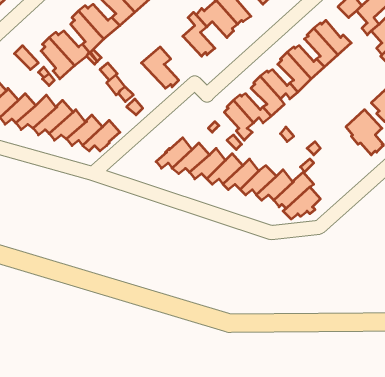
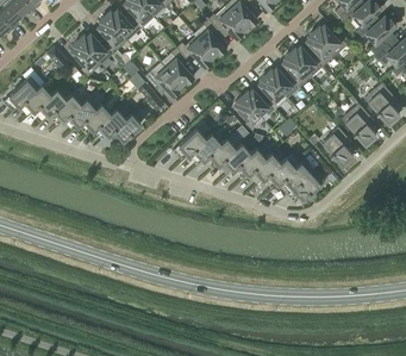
building: none -> [177,35,214,67]
building: none -> [145,61,182,95]
building: none -> [323,125,354,163]

